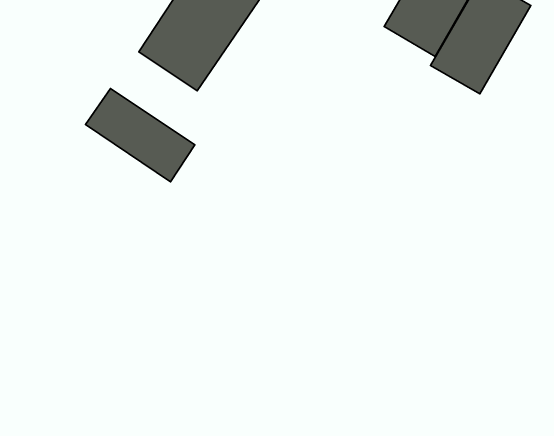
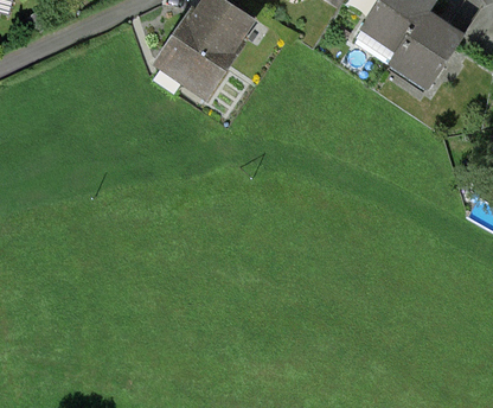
building: [86,89,195,182] -> none

